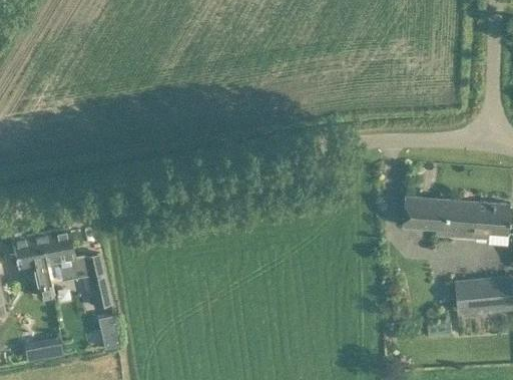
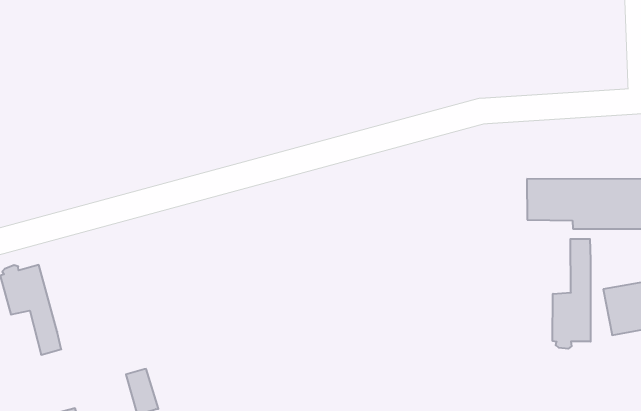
building: [41,229,112,309] -> none
building: none -> [553,239,591,349]

